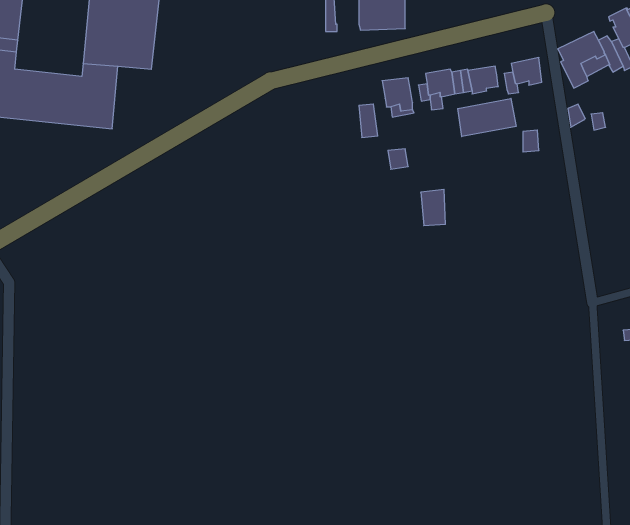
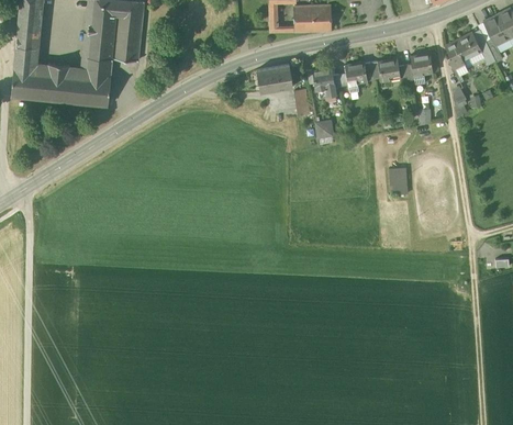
building: none -> [256,64,293,91]
building: [458,98,516,137] -> none
building: [421,189,445,226] -> [388,167,406,194]

